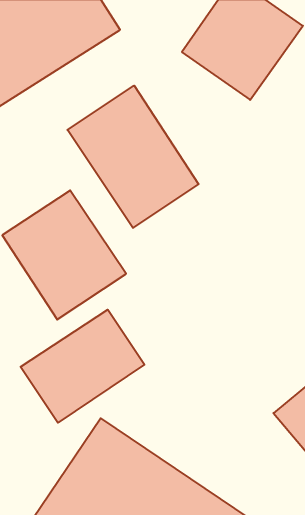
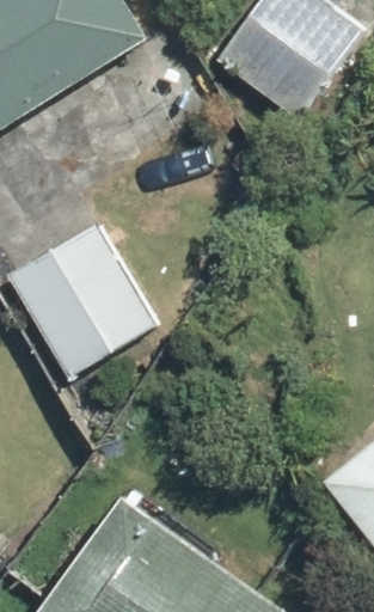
building: [67,86,199,228] -> none
building: [21,310,144,423] -> none

